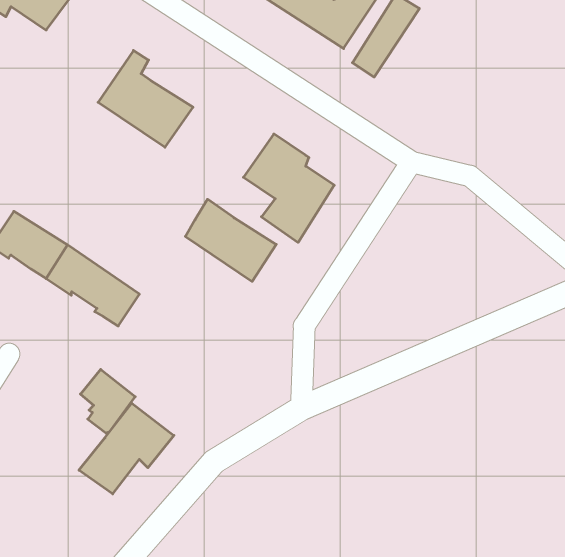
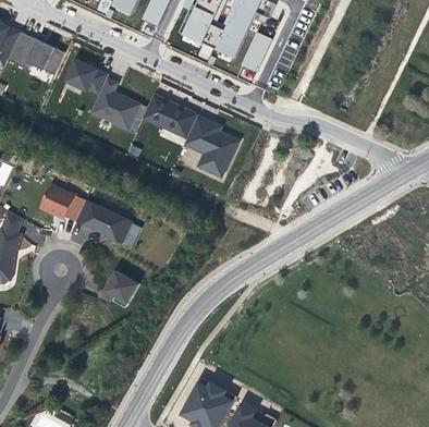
building: none -> [69,60,109,94]
building: [185,199,276,281] -> [144,94,198,138]
building: [79,403,174,494] -> none

